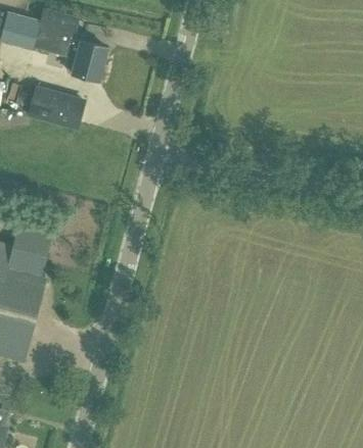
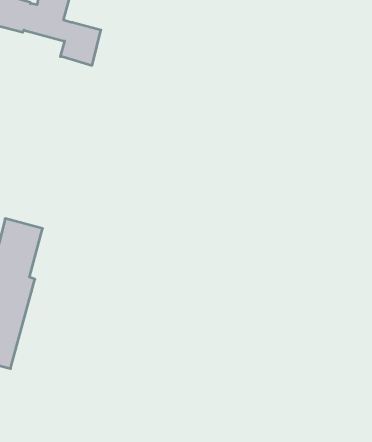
building: [30,88,84,128] -> none

